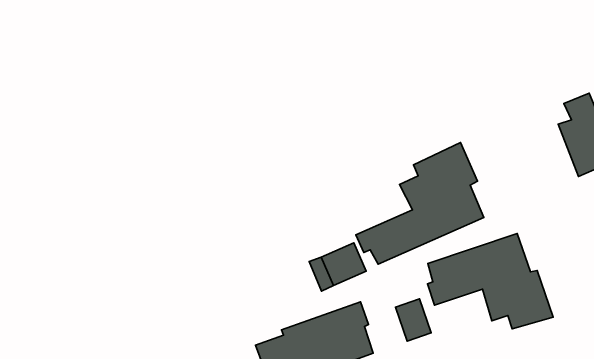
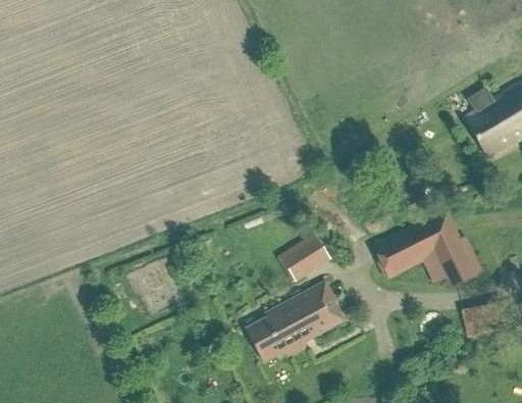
building: [356,142,484,264] -> none
building: [396,299,431,341] -> none

